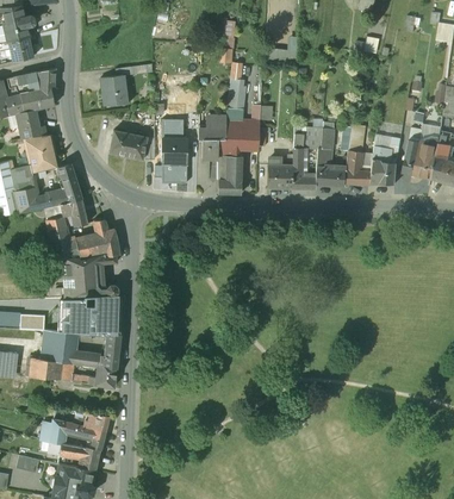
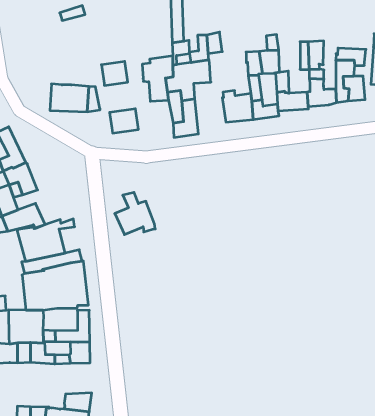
building: [100,75,126,106] -> none
building: [161,138,186,163] -> none
building: [83,219,118,256] -> [115,192,155,235]

